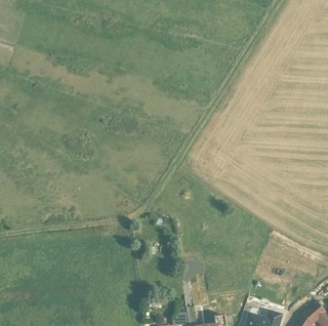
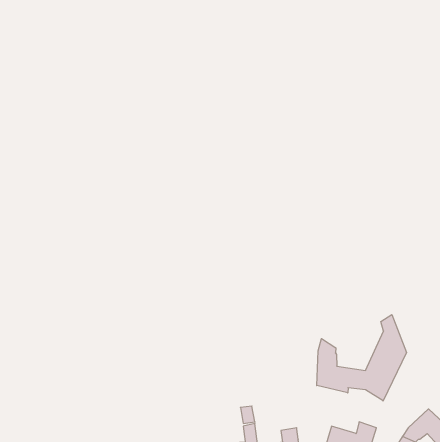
building: none -> [317,315,406,401]

